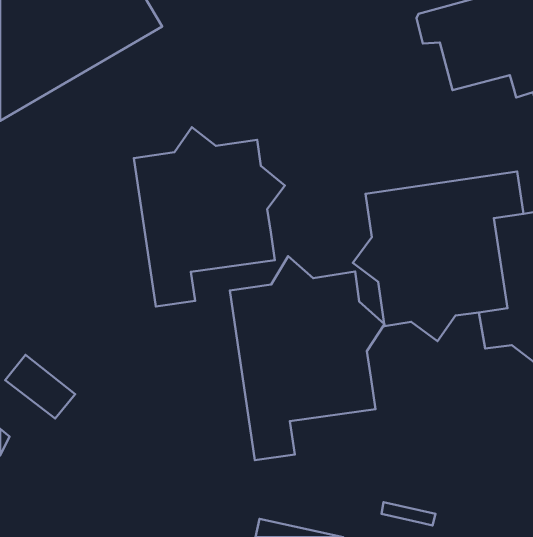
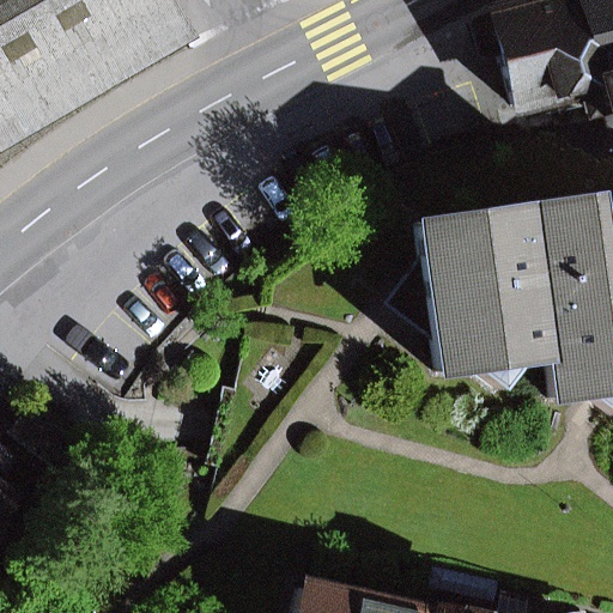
building: [134,127,285,307] -> none
building: [230,256,384,460] -> none

